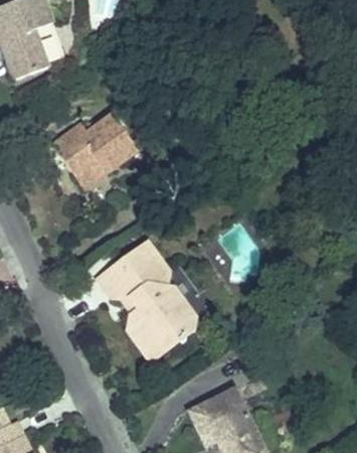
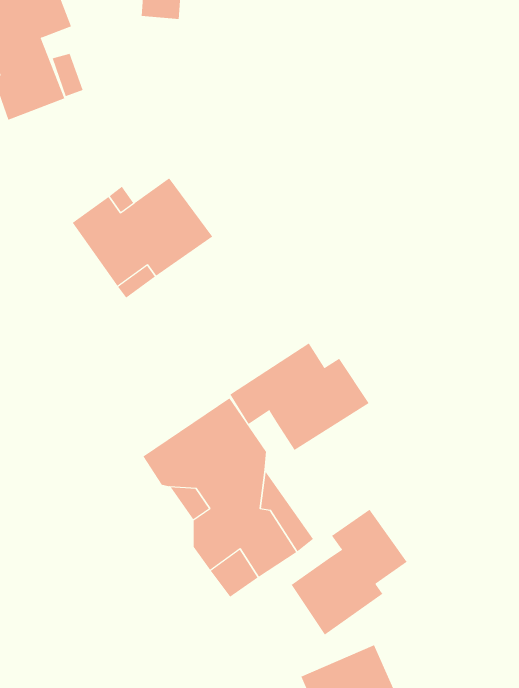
building: none -> [229,343,369,451]
building: none -> [291,509,407,635]

